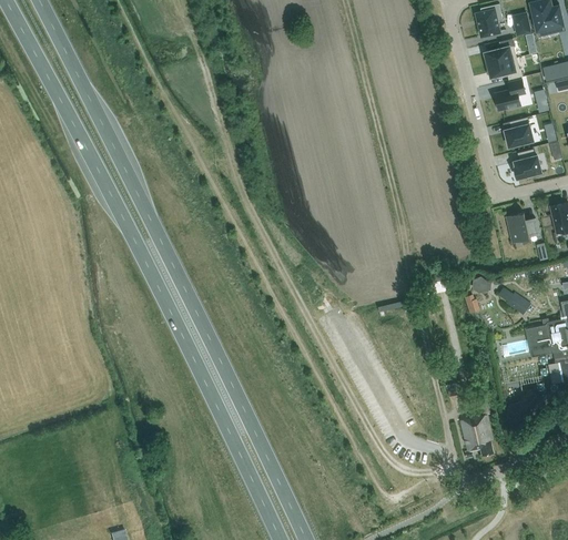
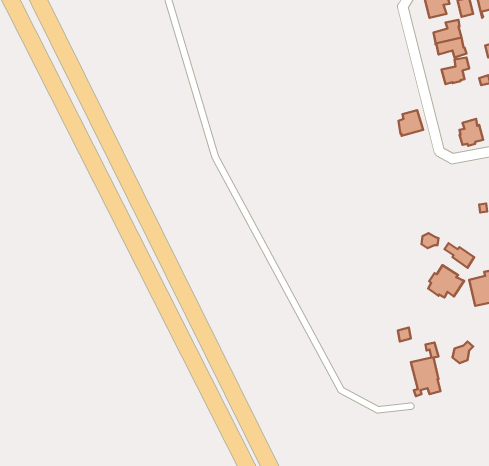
building: [505,119,532,147] -> [398,110,423,136]
building: [504,213,538,243] -> none
building: none -> [428,265,464,298]

